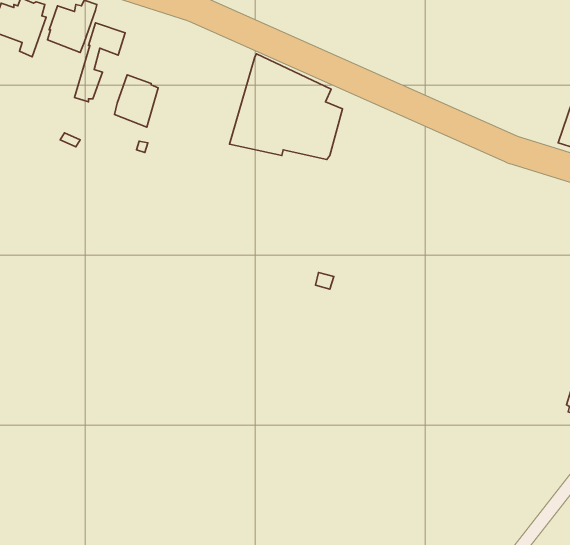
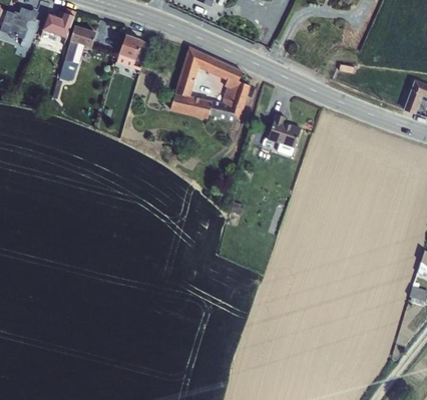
building: [115,75,158,127] -> [116,32,147,69]
building: none -> [267,112,301,154]

